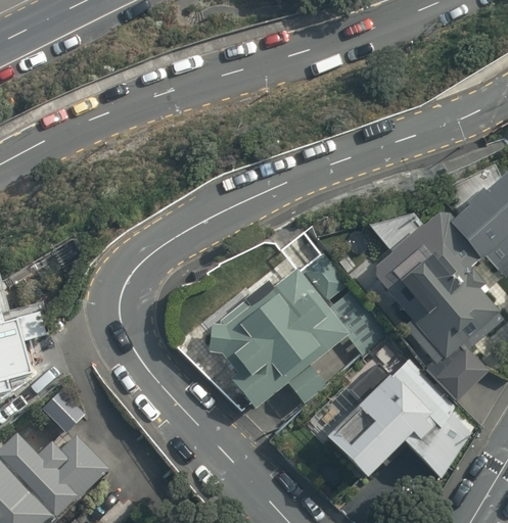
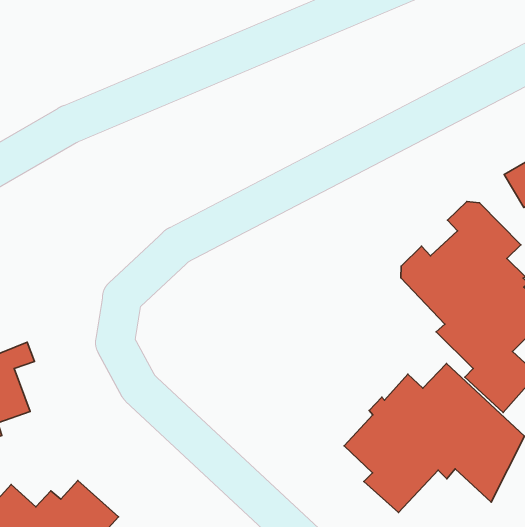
building: [207,254,385,412] -> none

